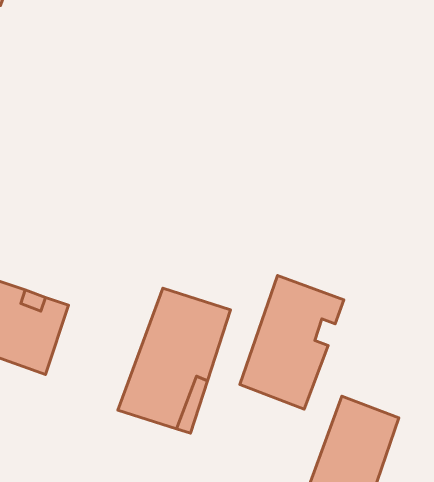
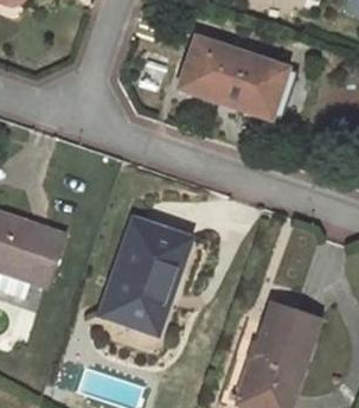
building: none -> [179,38,300,120]
building: [240,275,344,409] -> none

